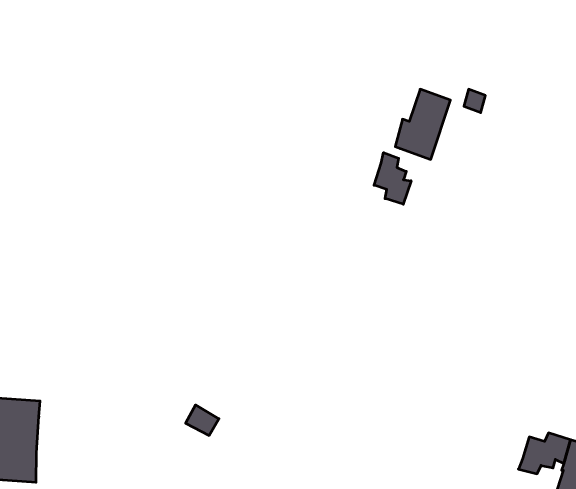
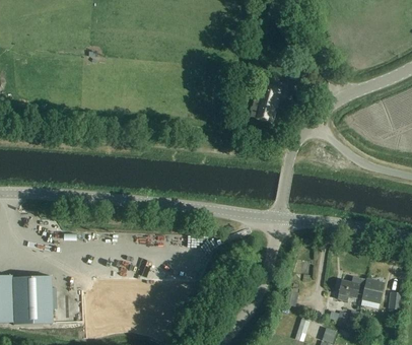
building: [374,153,411,204] -> none

